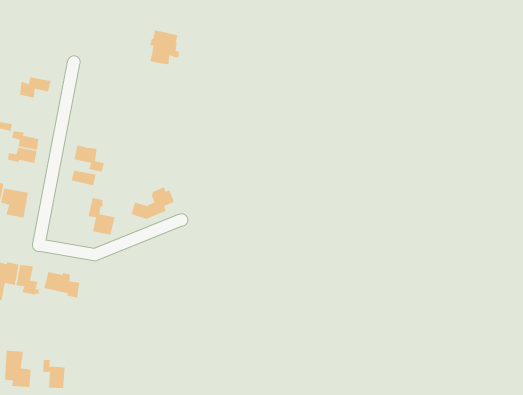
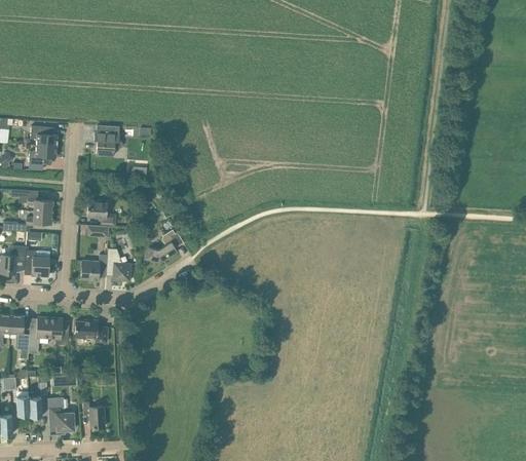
building: [149,29,180,65] -> [93,125,122,156]
building: none -> [30,126,58,147]
building: none -> [80,255,107,281]

